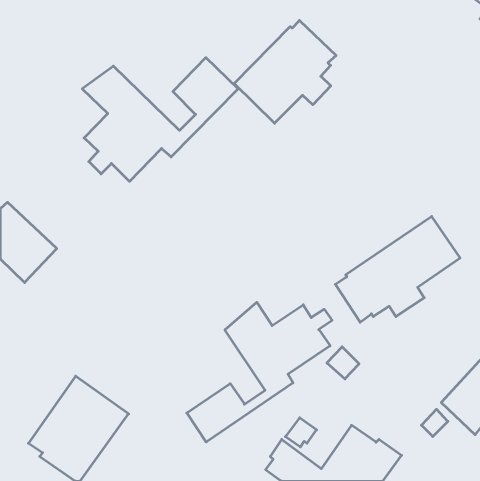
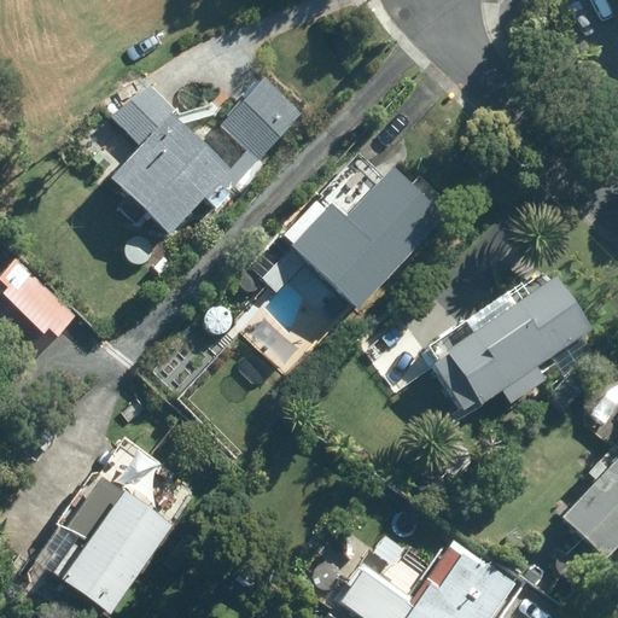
building: [234,20,336,123] -> none
building: none -> [249,167,451,307]
building: [187,302,332,442] -> none

